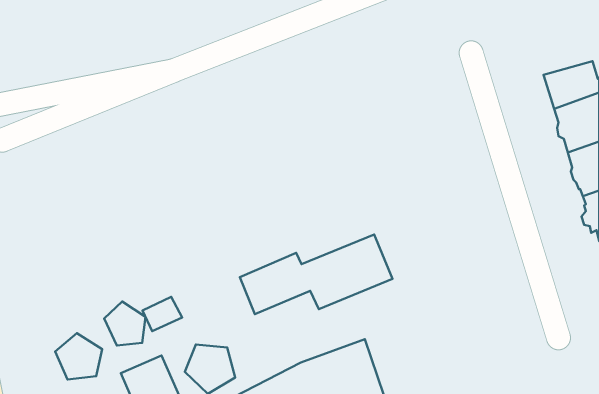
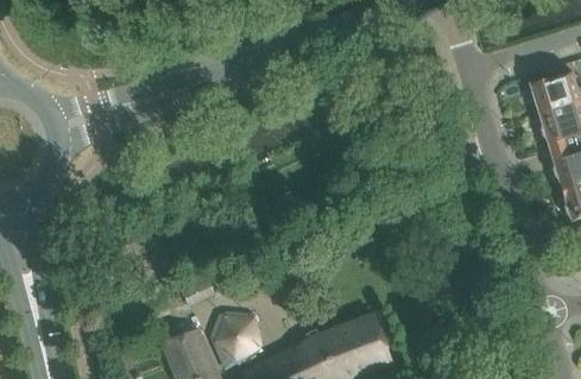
building: [240,235,393,314] -> none
building: [104,301,145,346] -> none
building: [55,333,102,380] -> none

